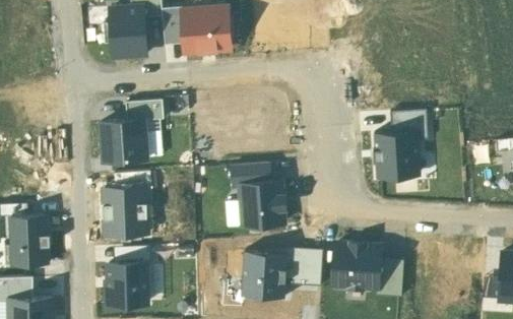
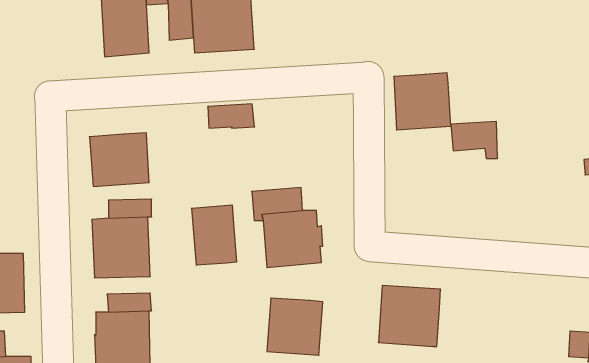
building: [126,102,164,121] -> [208,104,255,128]
building: [374,132,420,178] -> [394,73,451,130]
building: none -> [192,205,236,265]
building: [276,248,322,286] -> none
building: [375,260,402,298] -> none

